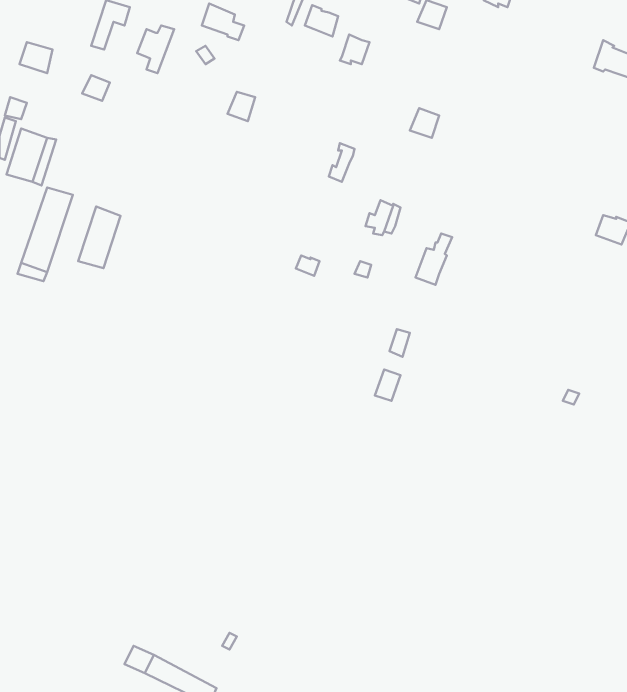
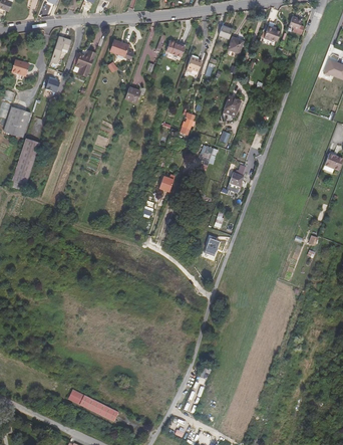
building: [78,207,120,268] -> none

